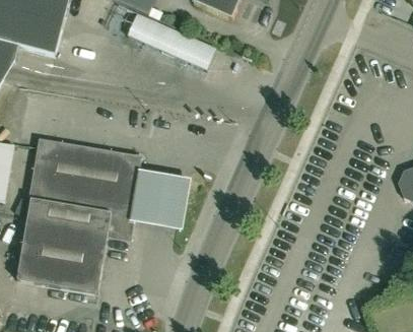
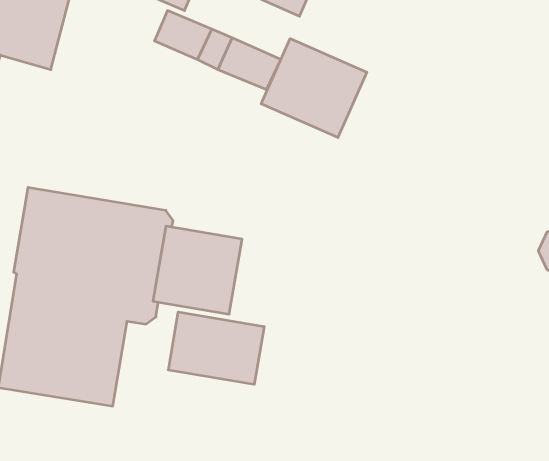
building: none -> [261,39,367,138]
building: none -> [168,312,264,384]

